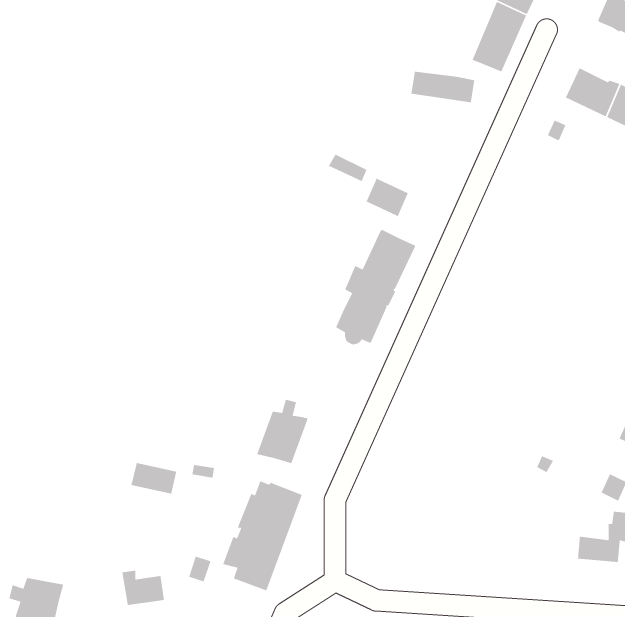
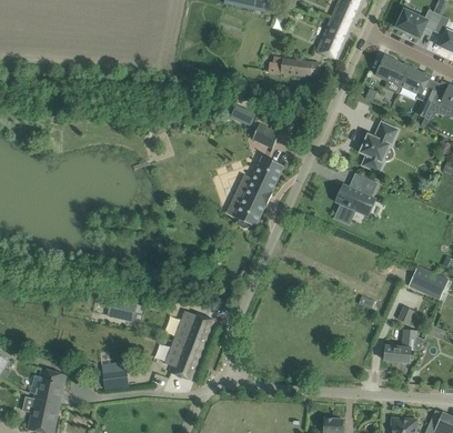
building: none -> [360,121,396,171]
building: none -> [335,178,375,222]
building: [256,399,309,464] -> none

